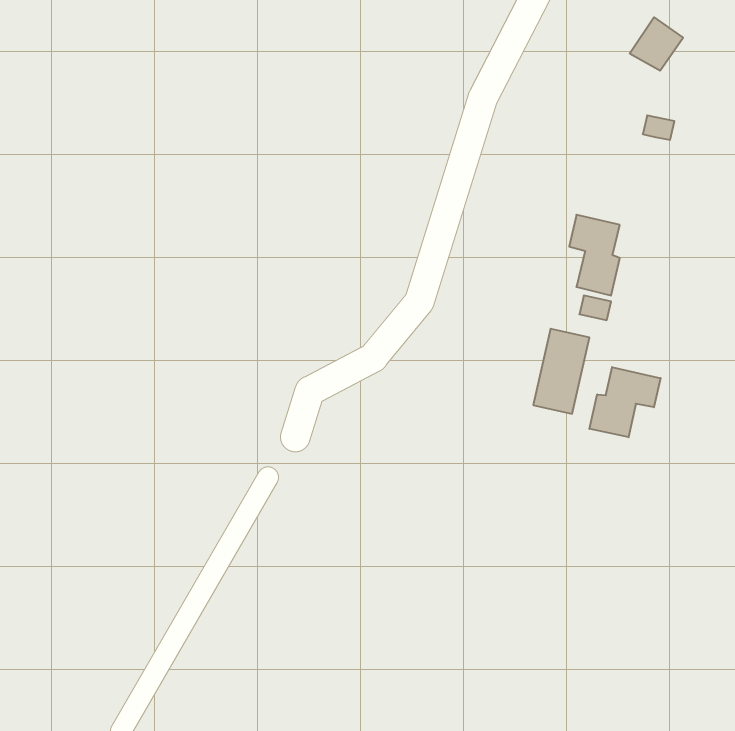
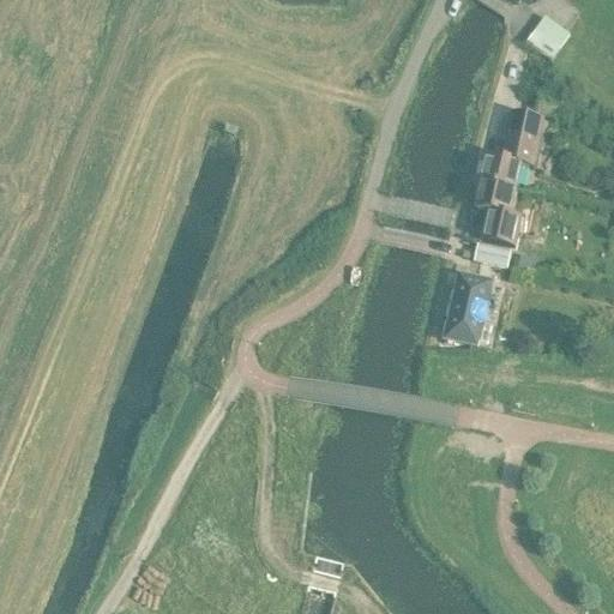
building: none -> [480,112,540,187]
building: [589,367,661,437] -> none

